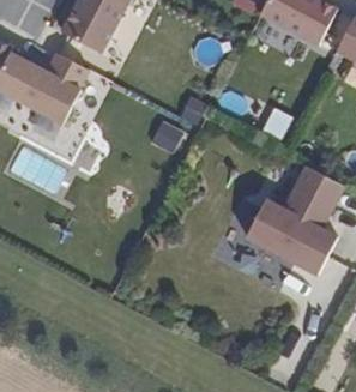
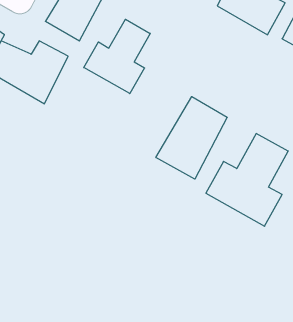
building: none -> [84,19,150,94]
building: none -> [156,97,227,179]

